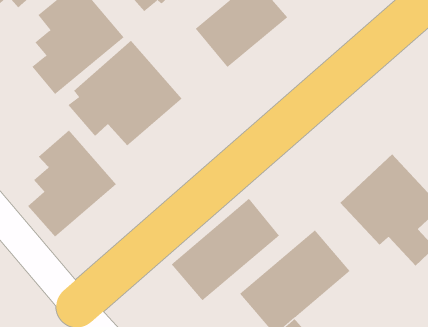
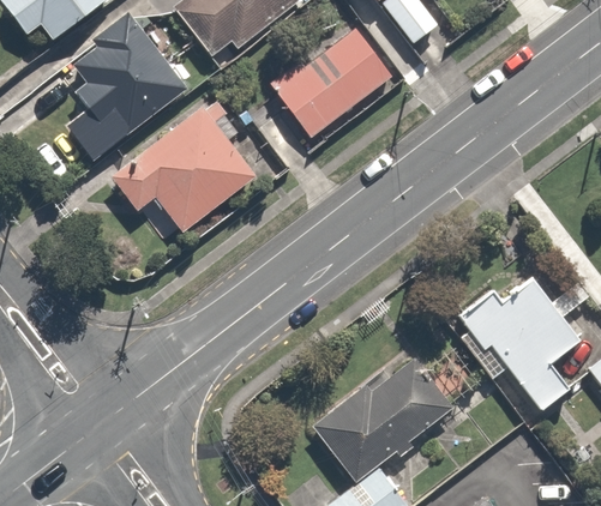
building: [27,129,117,238] -> none
building: [171,198,280,301] -> none

